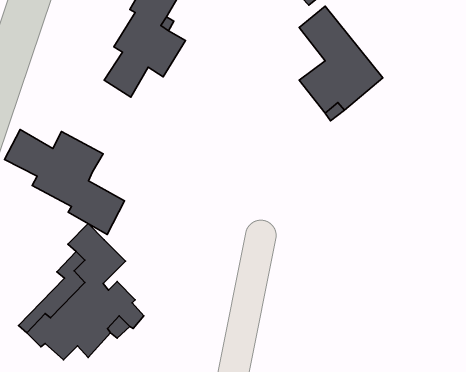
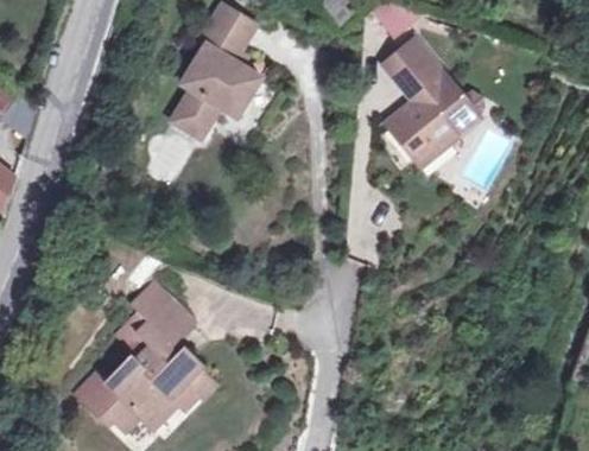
building: [5,129,124,235] -> none

